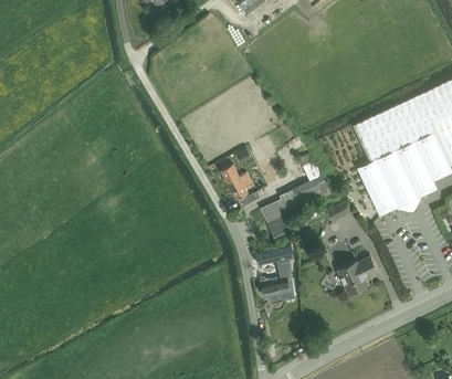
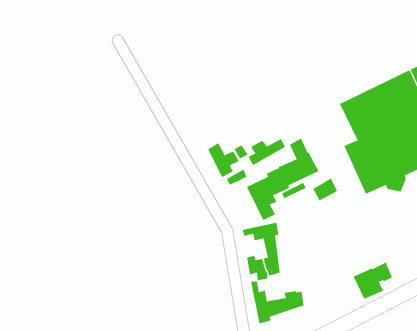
building: none -> [248,138,286,166]
building: [337,256,377,294] -> [353,262,393,300]
building: none -> [251,281,304,324]

